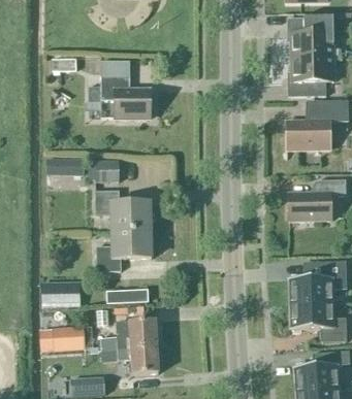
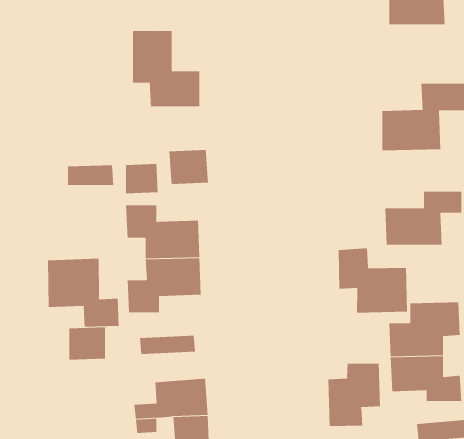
building: [288,57,333,96] -> none
building: none -> [169,149,209,185]
building: none -> [338,248,407,314]
building: none -> [48,258,119,328]
building: none -> [328,363,380,427]
building: [54,327,84,351] -> none

